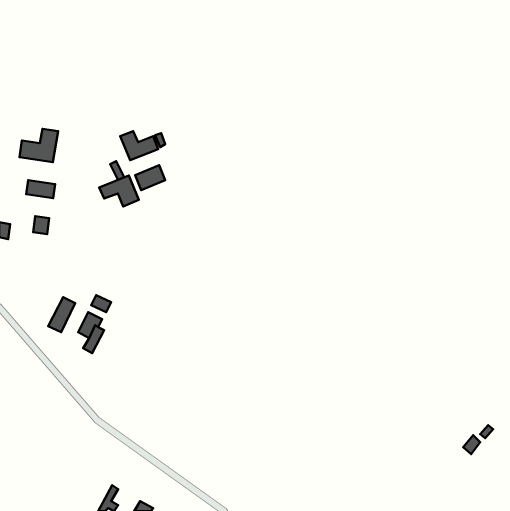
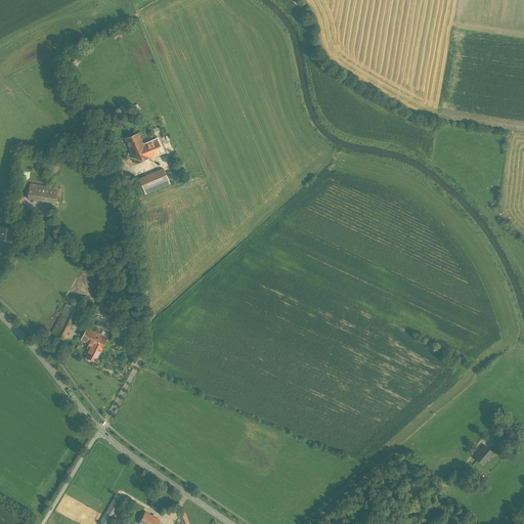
building: [19,129,58,162] -> none
building: [99,176,139,206] -> none

